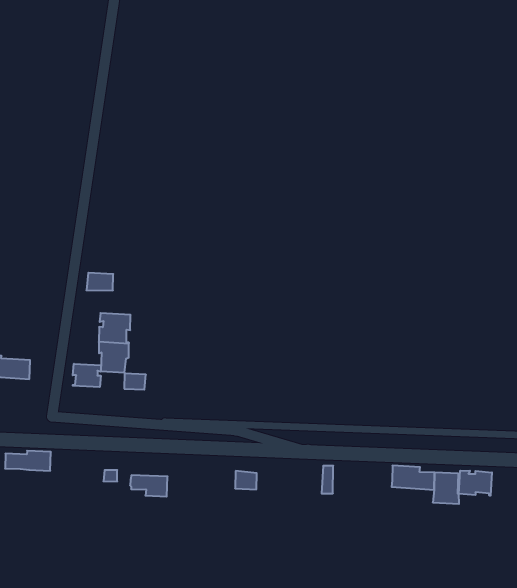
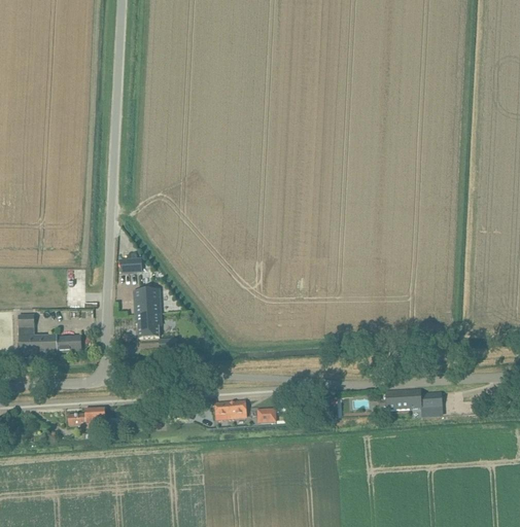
building: [73,364,101,387] -> none
building: [459,471,492,496] -> none
building: [130,475,168,497] -> [215,400,246,418]

